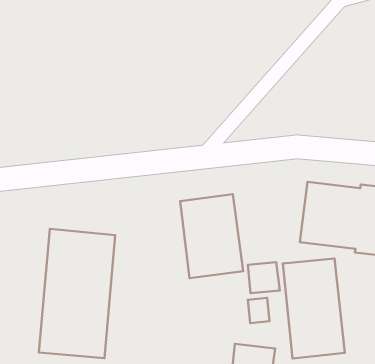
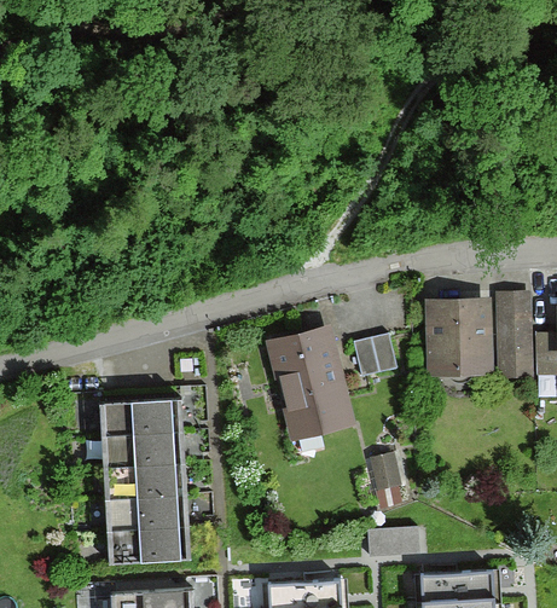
building: [283,259,345,358] -> none
building: [248,262,280,293] -> [349,334,394,377]

